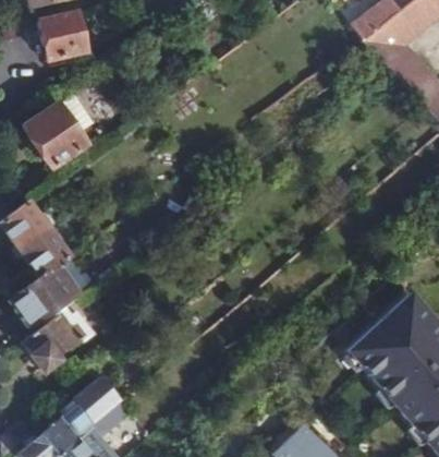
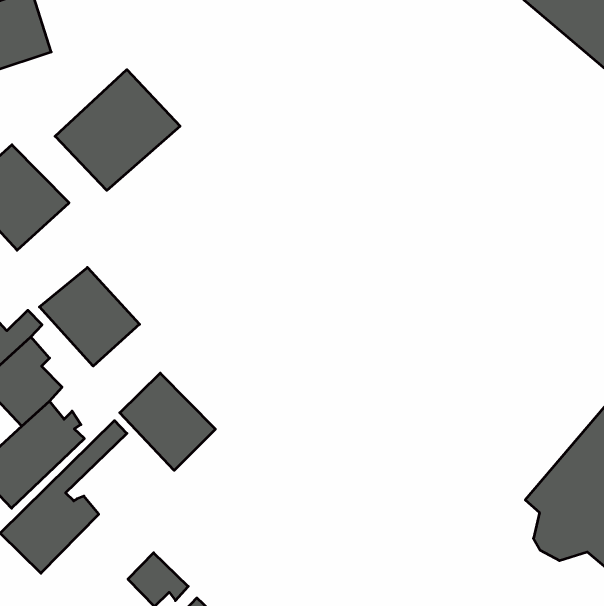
building: none -> [55,70,180,190]
building: none -> [39,267,140,366]
building: none -> [120,373,215,470]

